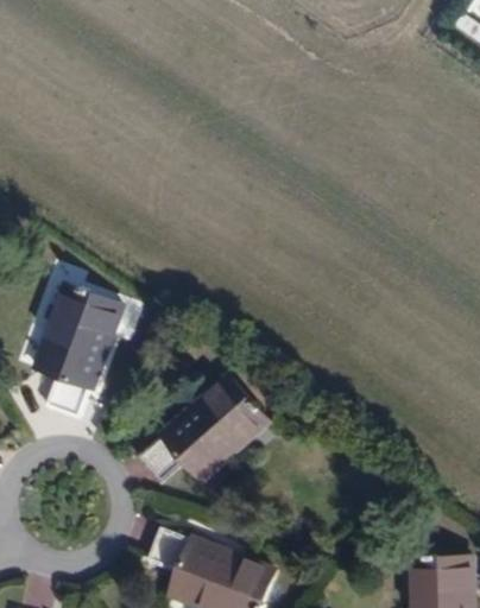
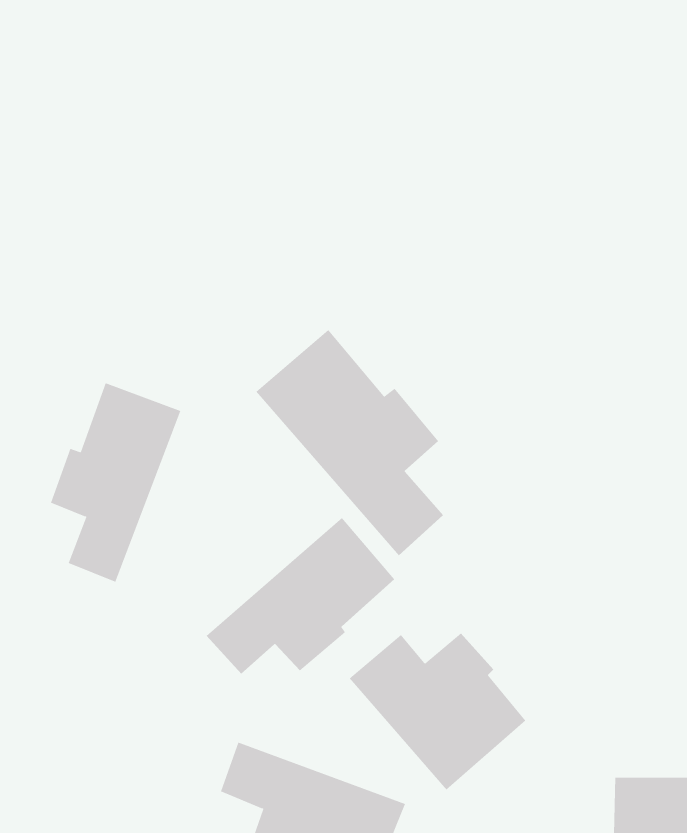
building: none -> [255,329,444,556]
building: none -> [349,633,526,790]

